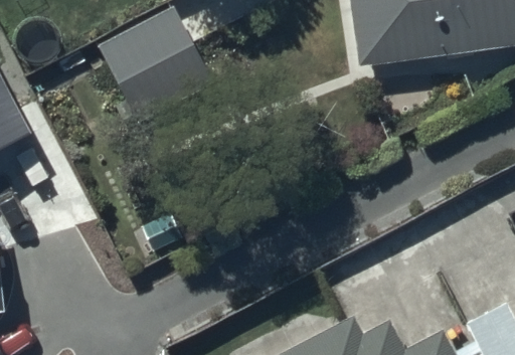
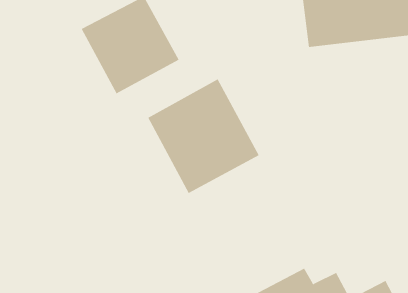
building: none -> [148,78,260,194]

